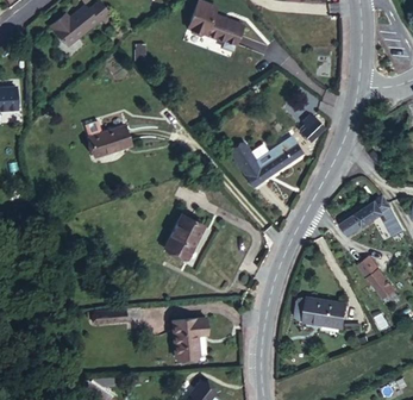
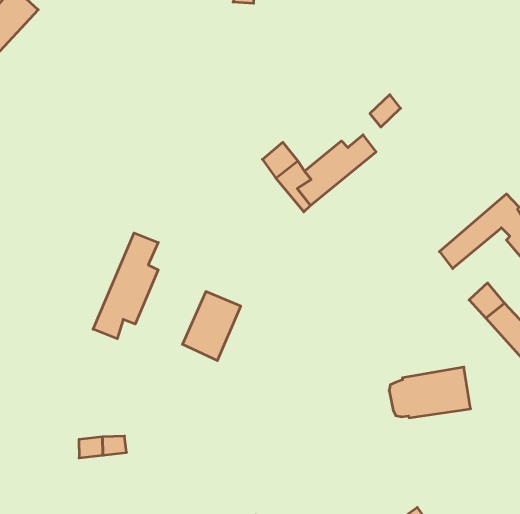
building: [88,121,132,155] -> none
building: none -> [93,233,158,339]
building: [171,315,206,350] -> none

